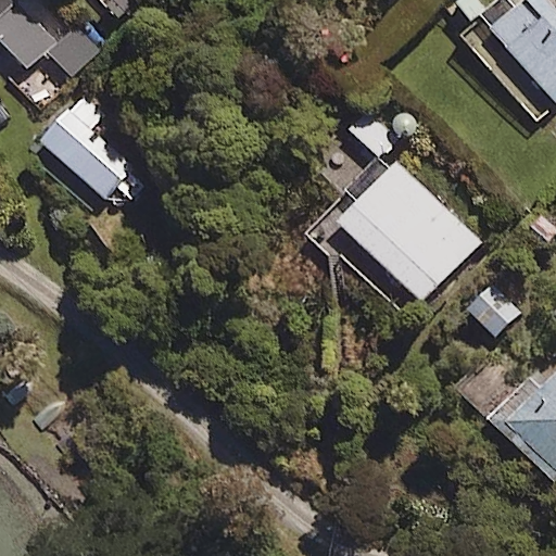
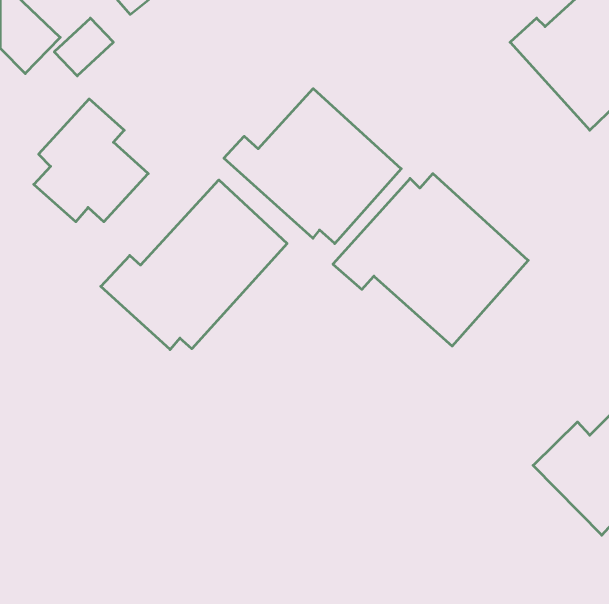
building: none -> [224,89,401,244]
building: none -> [101,180,287,350]

